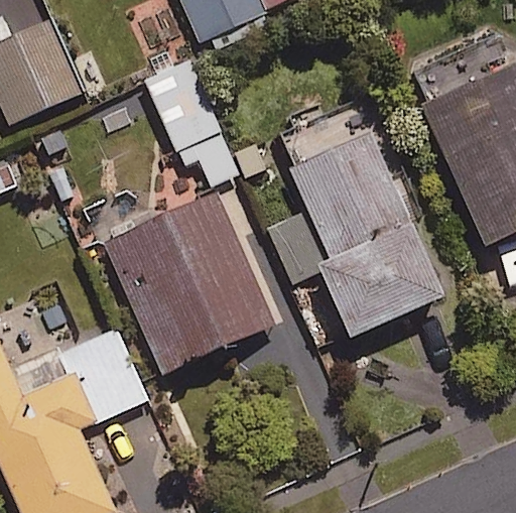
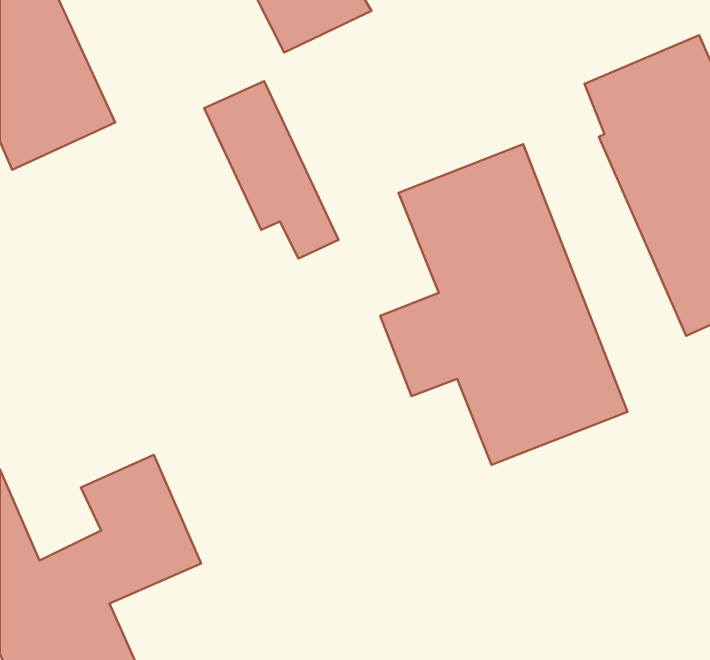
building: [101,190,271,374] -> none

